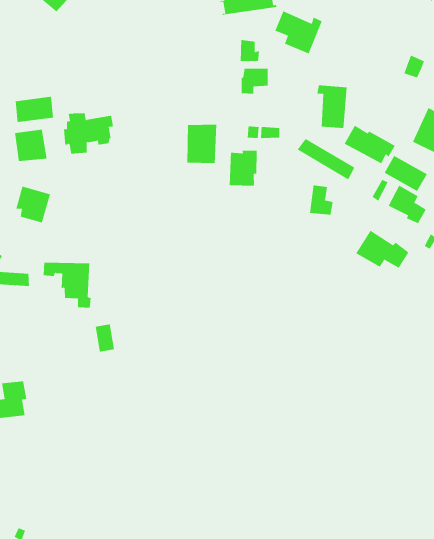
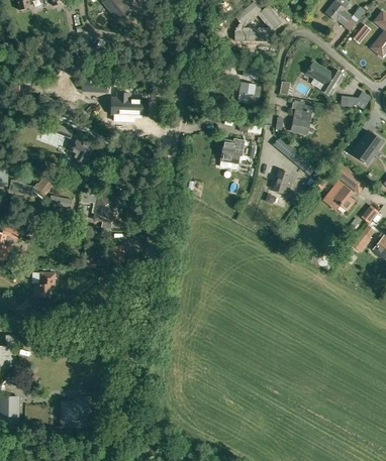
building: [275,10,323,54] -> [305,61,340,94]
building: [187,124,217,164] -> none
building: [343,125,395,164] -> none
building: [15,129,47,162] -> none
building: [355,230,409,268] -> none

